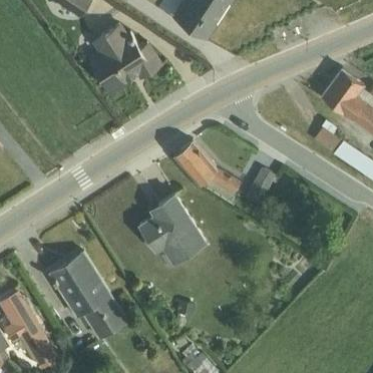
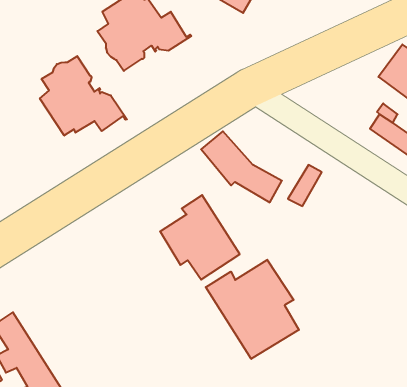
building: none -> [40,56,127,136]
building: none -> [206,260,299,359]
building: [49,252,127,339] -> none

